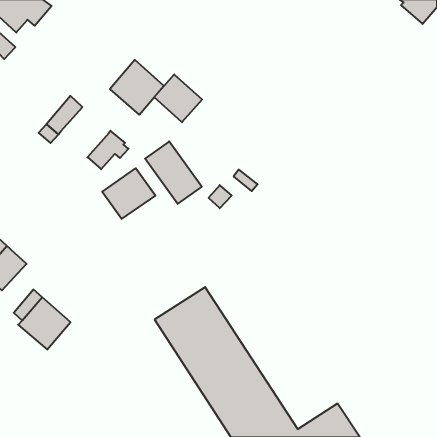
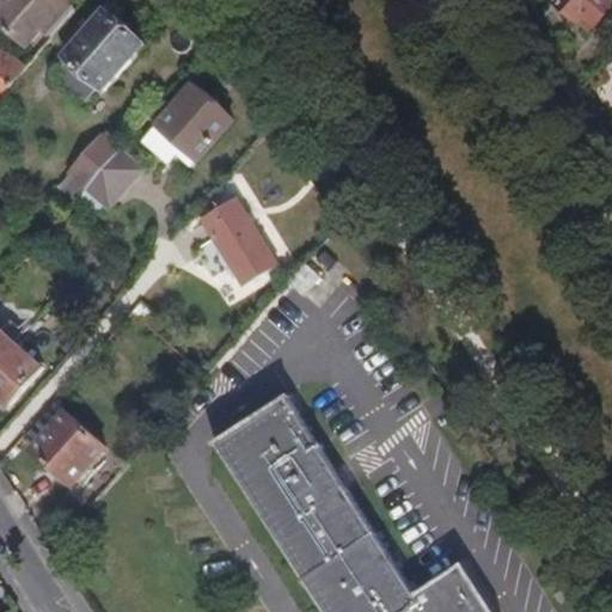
building: none -> [55,7,140,97]
building: [154,74,202,122] -> none
building: [87,131,129,169] -> [85,146,142,200]
building: [102,168,155,219] -> none

